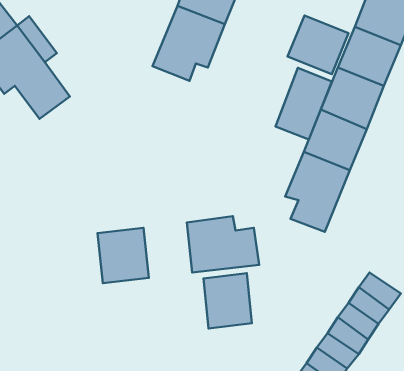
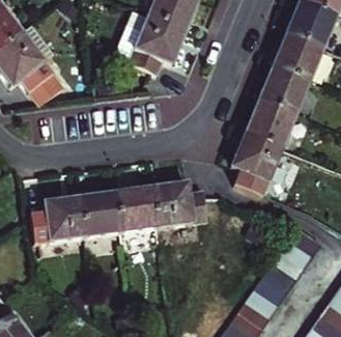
building: [288,15,349,74] -> none
building: [276,68,332,139] -> none
building: none -> [36,196,88,242]
building: [203,273,252,328] -> [120,188,159,231]

